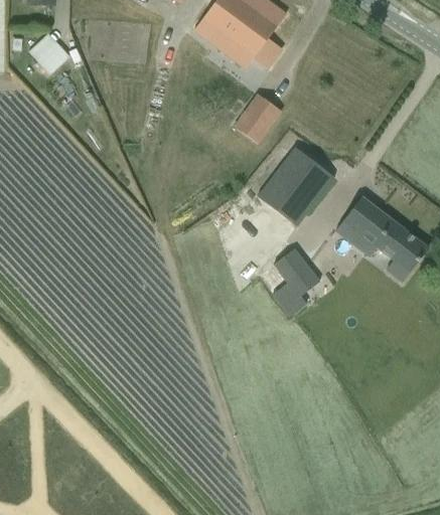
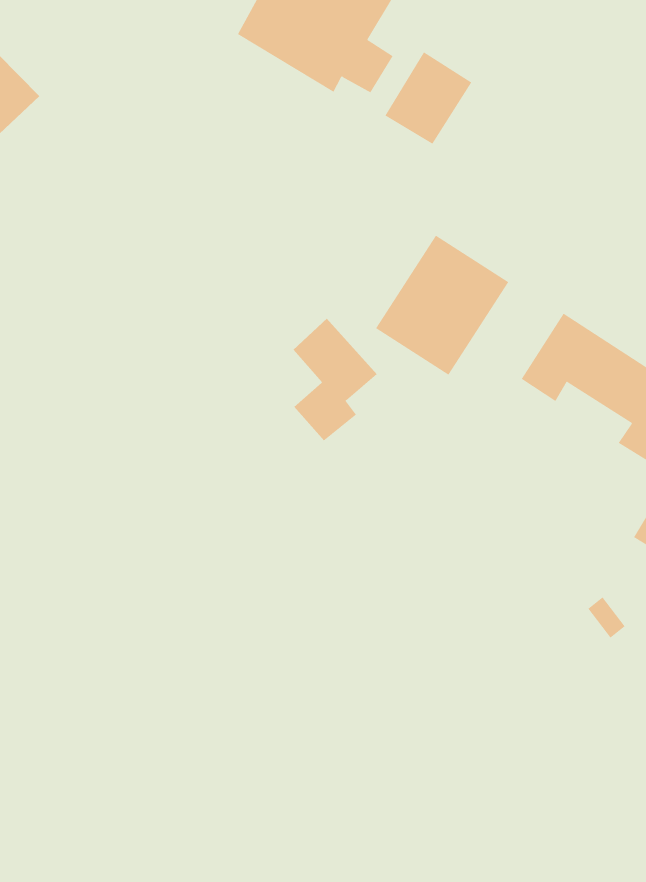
building: [233,93,282,144] -> [385,52,472,145]
building: [271,247,318,315] -> [293,318,377,441]

